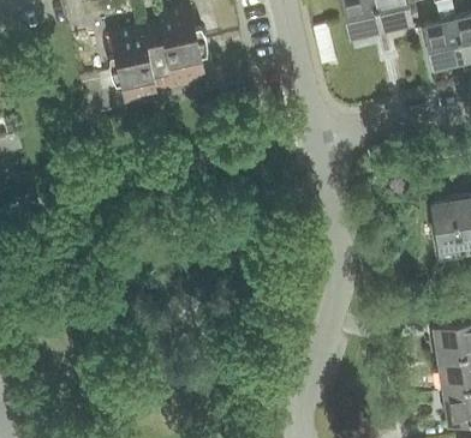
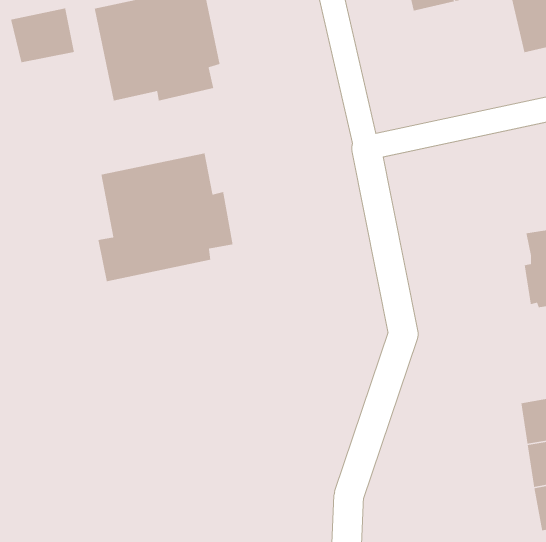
building: none -> [10,8,75,63]
building: none -> [98,152,234,282]

